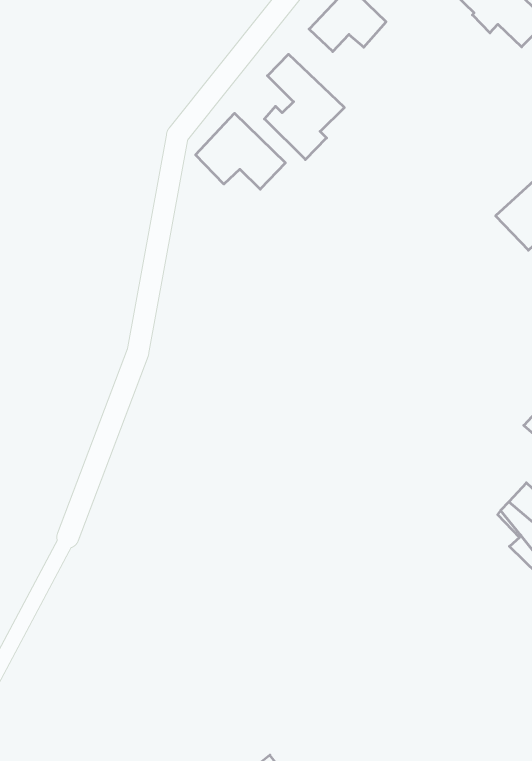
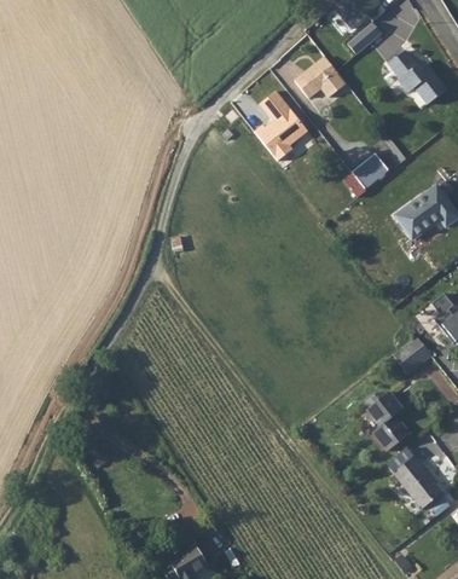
building: [196,113,285,189] -> none
building: none -> [352,154,389,190]

